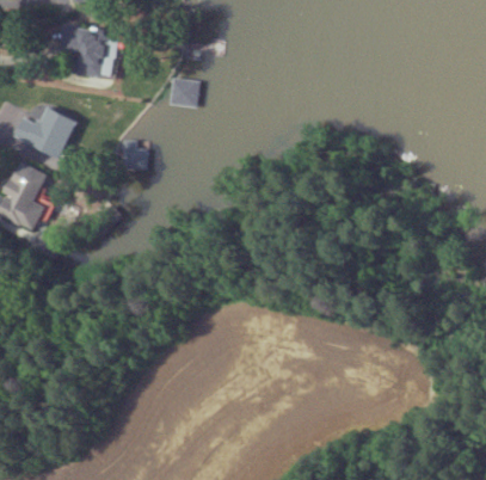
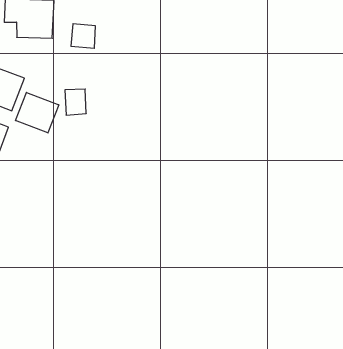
building: [166,75,197,106] -> [71,24,95,48]
building: none -> [16,92,59,133]

